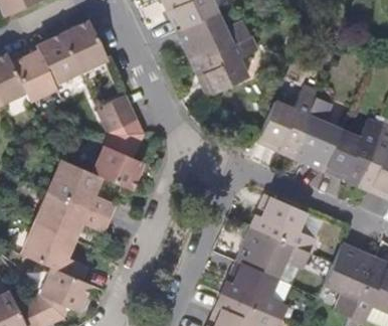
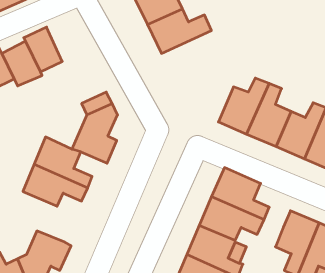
building: [62,20,108,71] -> none
building: [194,36,257,94] -> none
building: [21,220,88,279] -> none

